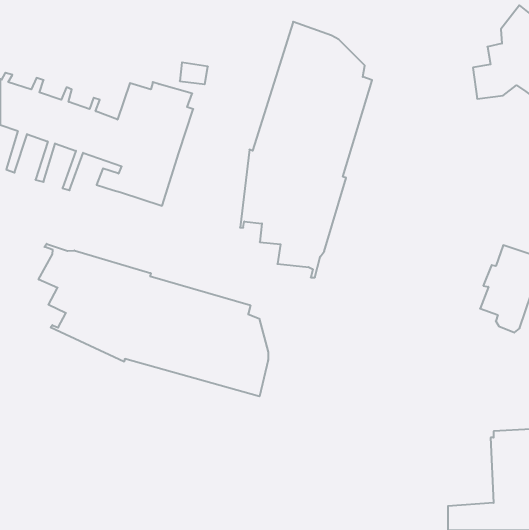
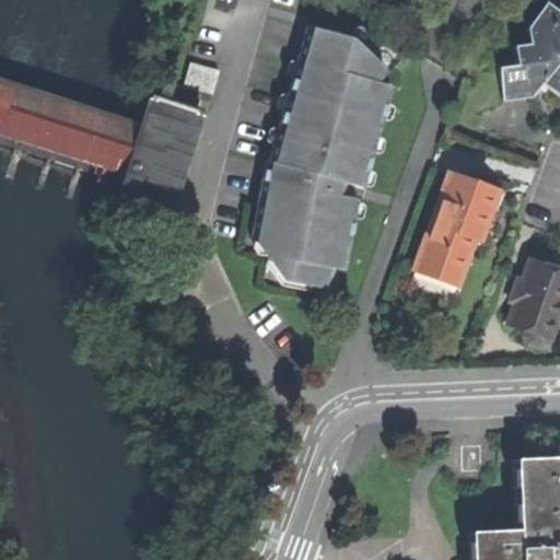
building: none -> [421,174,502,279]
building: [39,244,268,396] -> none

